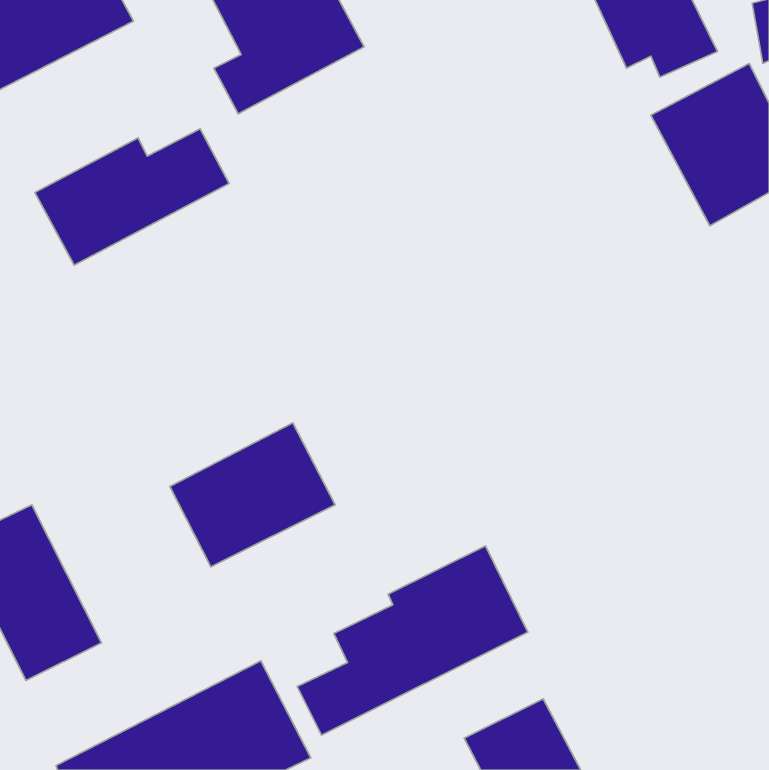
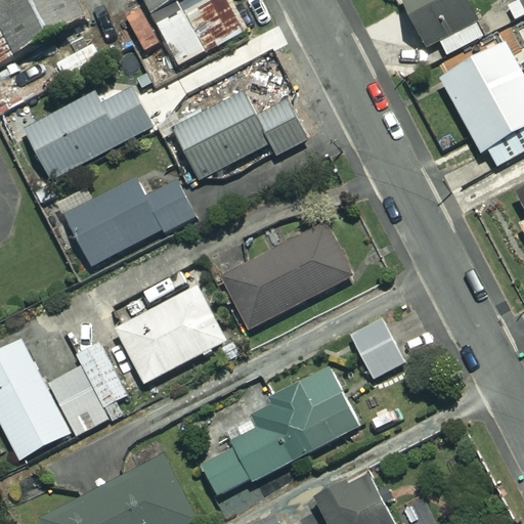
building: none -> [173,95,307,179]
building: none -> [57,178,192,265]
building: none -> [220,224,350,329]
building: none -> [349,317,405,379]
building: none -> [51,319,131,434]

